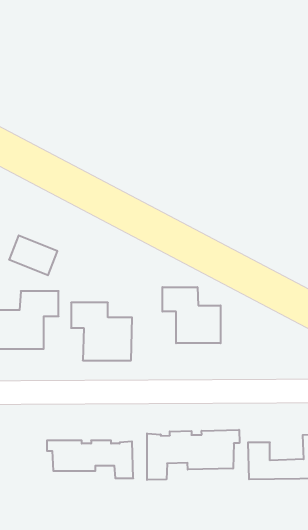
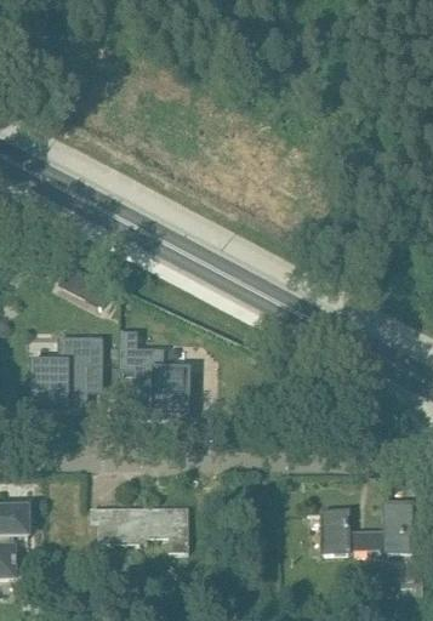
building: [162,287,221,343] -> none
building: [147,430,239,480] -> none

